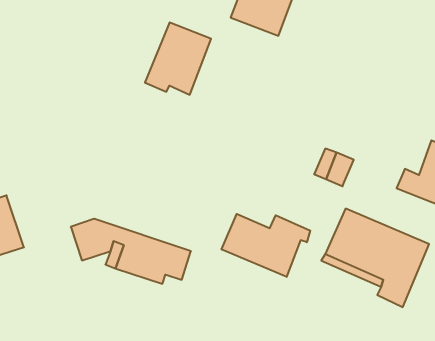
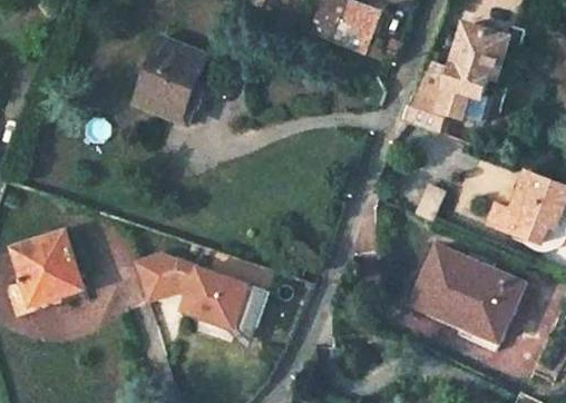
building: none -> [401,22,508,132]
building: [145,23,211,95] -> [134,35,206,114]
building: [222,214,310,277] -> none

